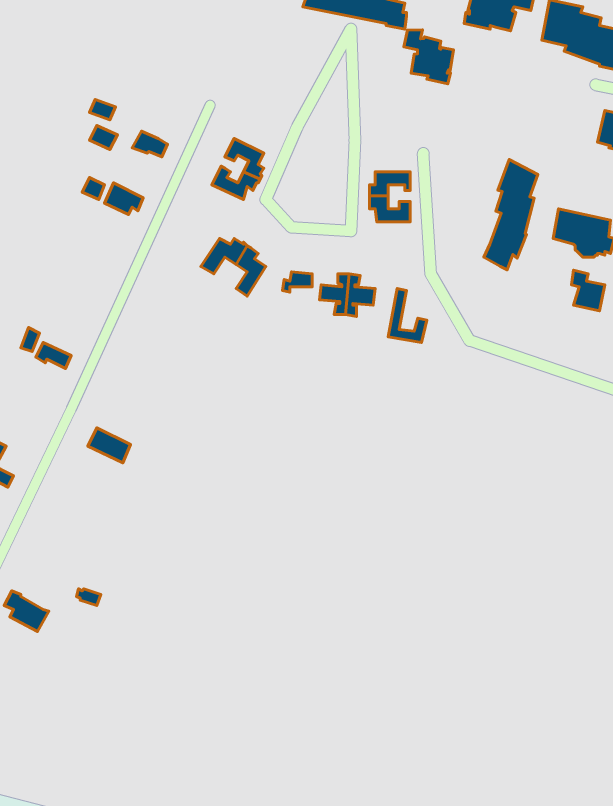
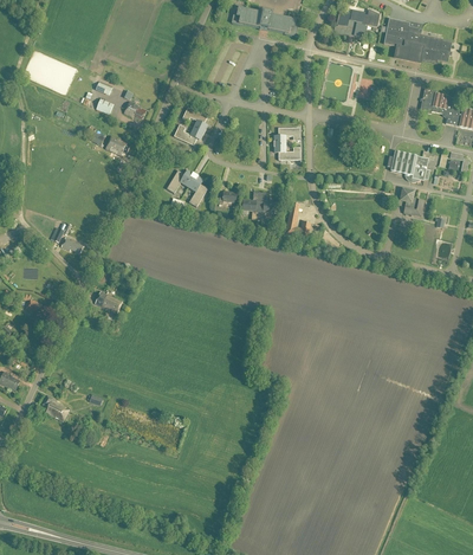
building: [404,30,454,84] -> none
building: [484,159,538,270] -> none

